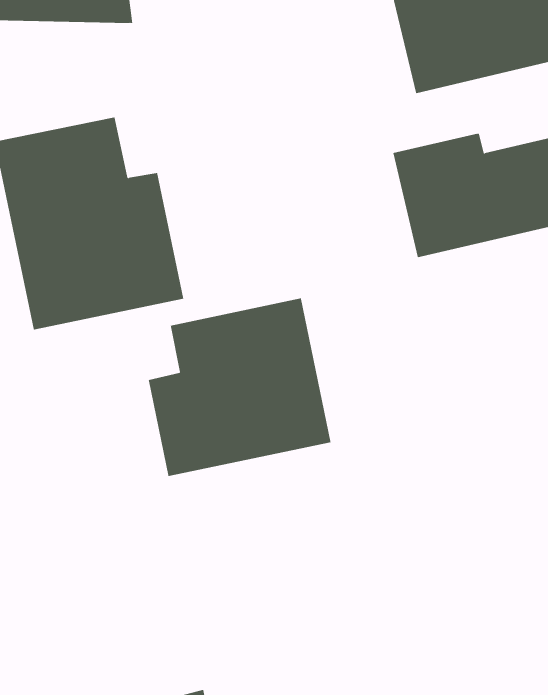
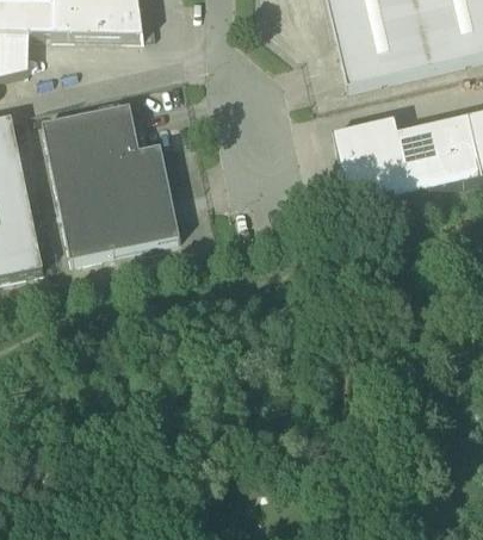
building: [148,298,331,477] -> none

